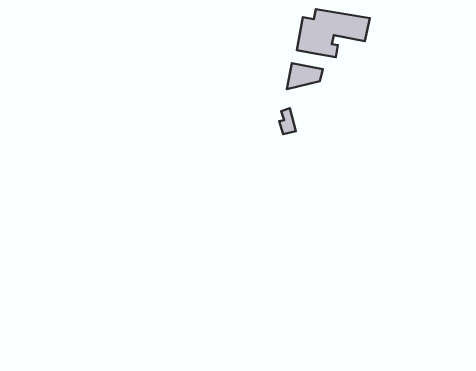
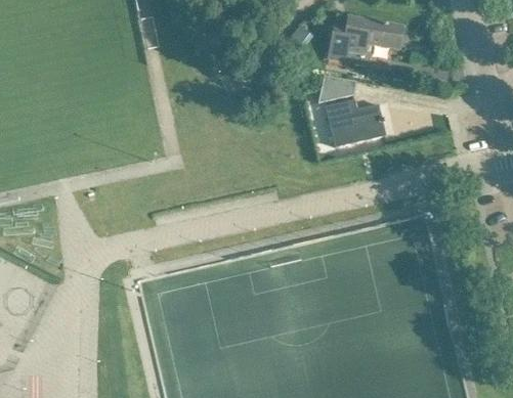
building: none -> [326,99,384,145]

